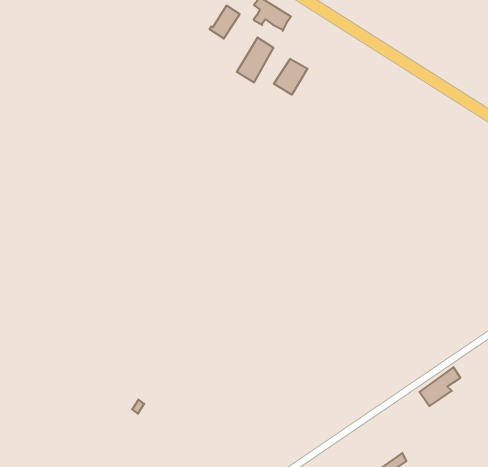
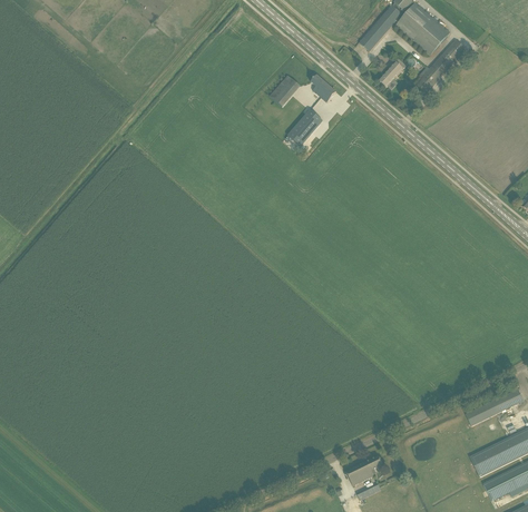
building: [274,59,308,95] -> none
building: [419,367,460,406] -> [346,455,383,485]

